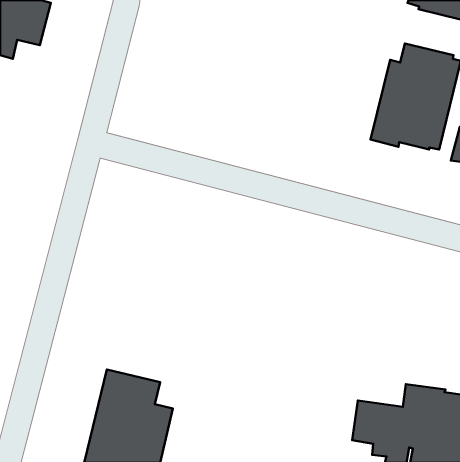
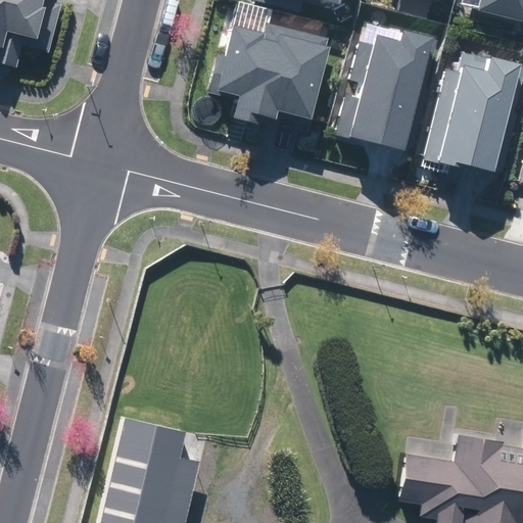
building: none -> [211,21,328,126]
building: none -> [346,29,436,148]

